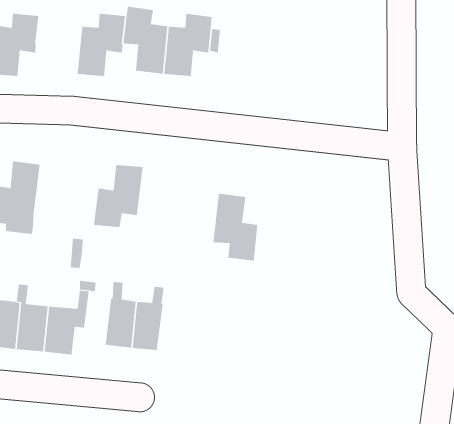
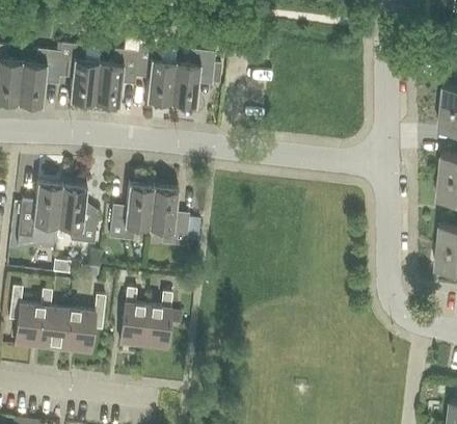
building: none -> [58,44,99,104]
building: none -> [57,184,98,244]
building: [212,193,258,261] -> [149,186,189,246]

